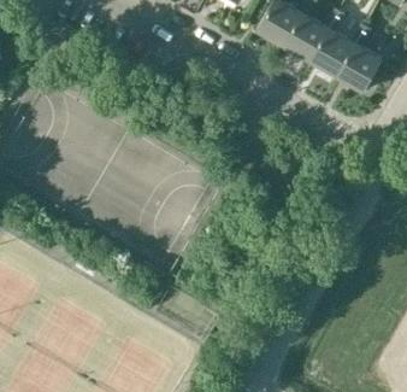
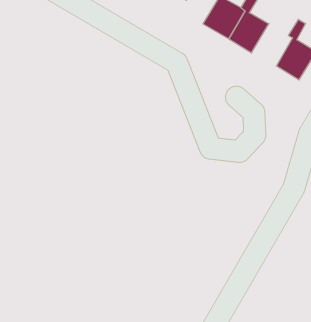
building: [308,8,354,76] -> none

